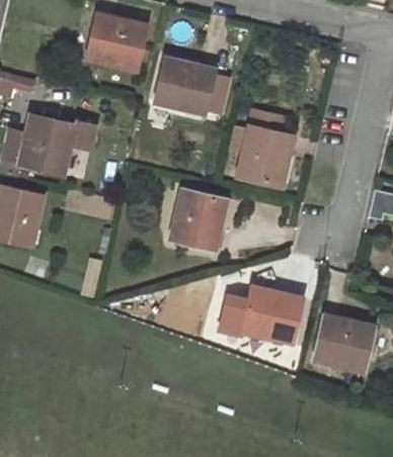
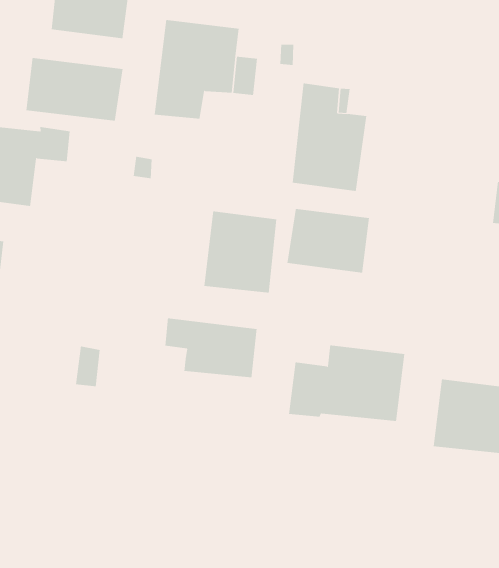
building: none -> [26,57,123,121]
building: none -> [287,208,370,273]
building: none -> [165,317,257,378]

